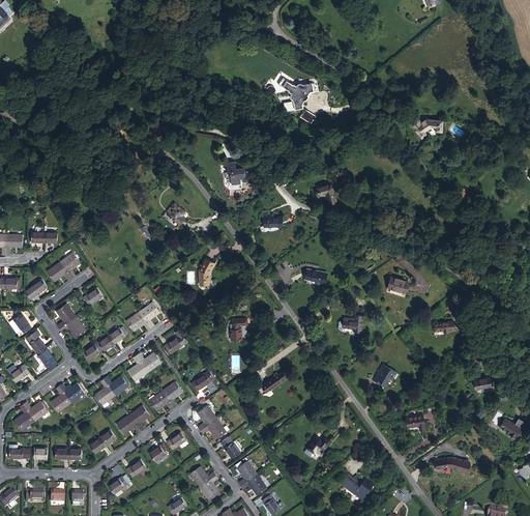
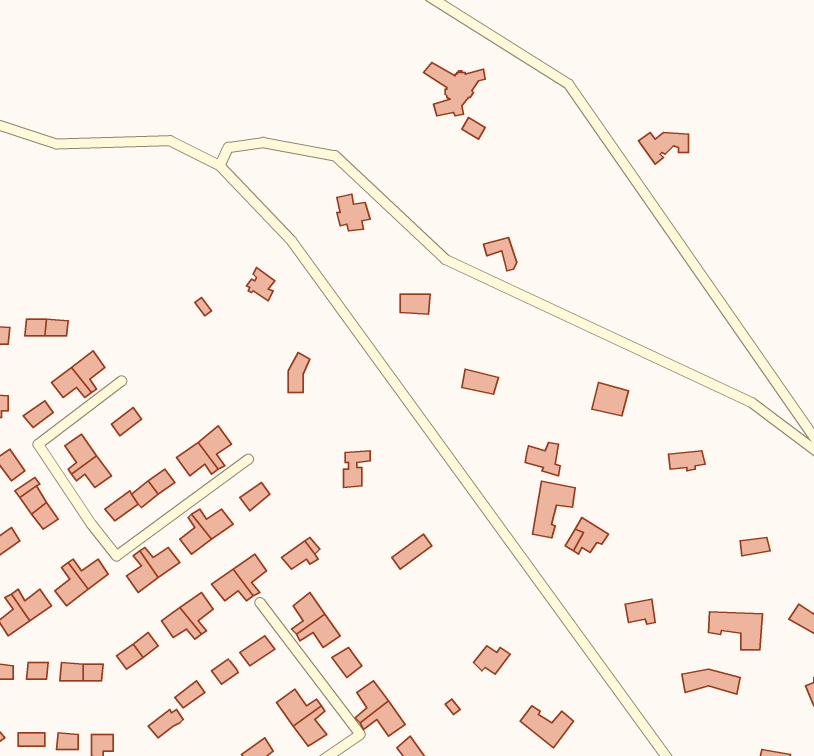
building: none -> [532,481,575,538]
building: none -> [709,612,762,650]

